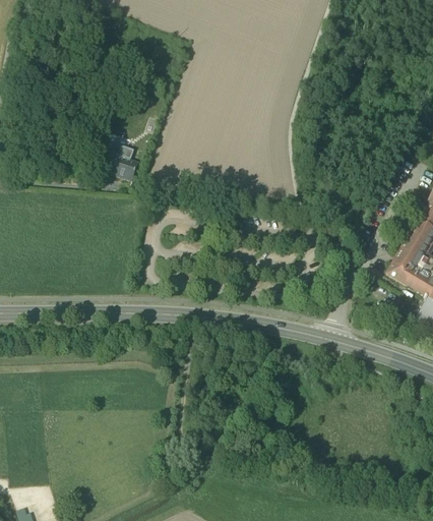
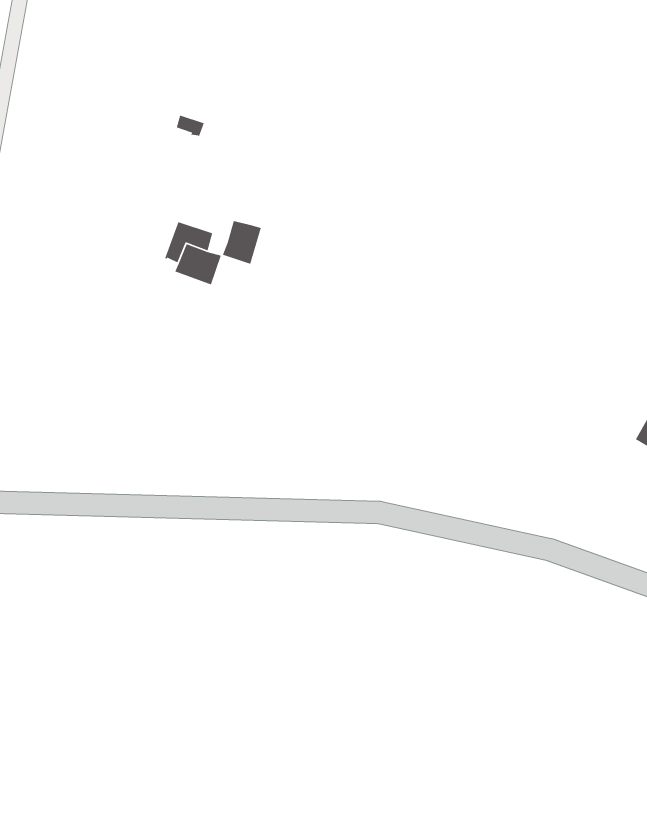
building: none -> [222,220,262,265]

